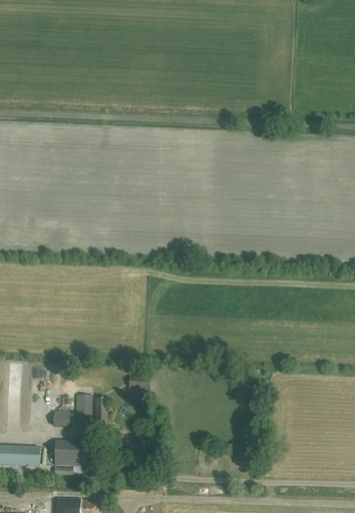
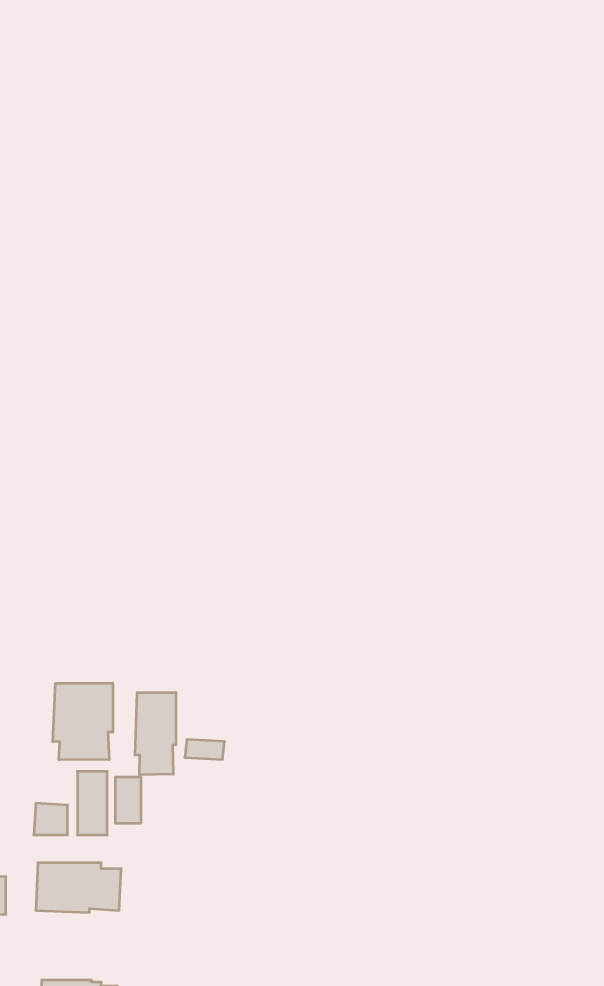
building: none -> [53,683,113,760]
building: none -> [135,692,176,775]

